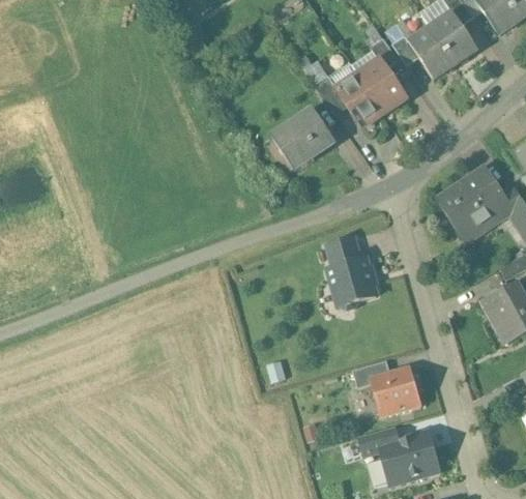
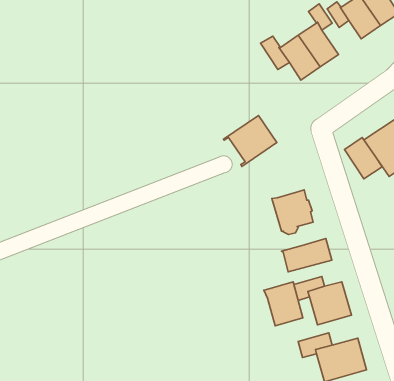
building: [271,110,334,170] -> [223,115,277,166]
building: none -> [345,137,382,179]
building: [327,236,359,266] -> none
building: none -> [282,239,332,272]
building: none -> [264,282,303,326]

